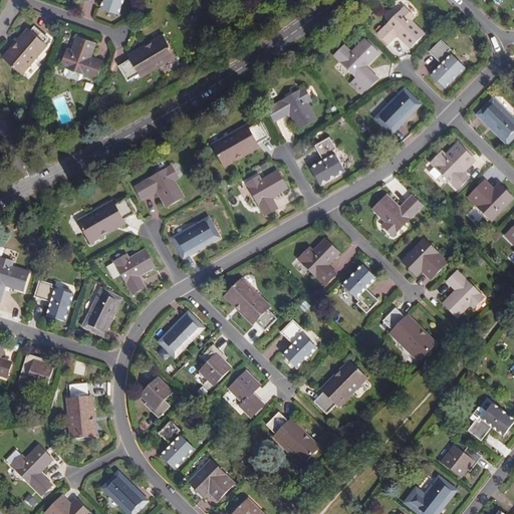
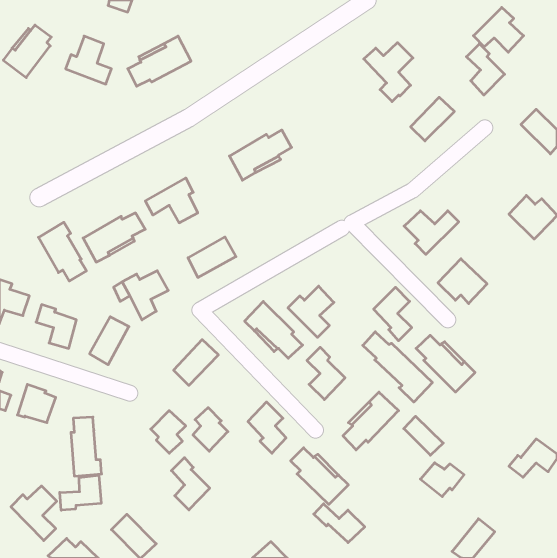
building: [378,6,425,47] -> [473,7,524,52]
building: [267,86,316,127] -> none
building: [311,136,343,183] -> none
building: [430,143,472,190] -> none
building: [245,170,286,215] -> none
building: none -> [38,222,86,281]
building: [297,238,339,285] -> [288,286,334,337]
building: [444,270,485,316] -> none
building: none -> [363,332,432,402]
building: [198,345,230,386] -> [193,408,228,451]
building: none -> [404,416,443,455]
building: none -> [60,475,101,510]
building: [441,445,481,476] -> [420,463,464,497]
building: [188,461,234,501] -> none
building: none -> [314,504,365,543]

